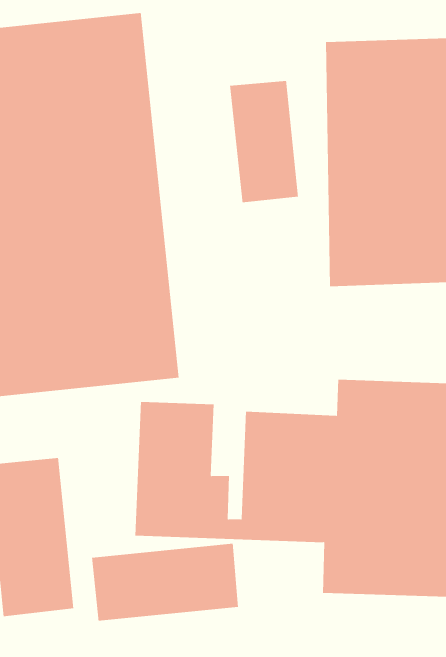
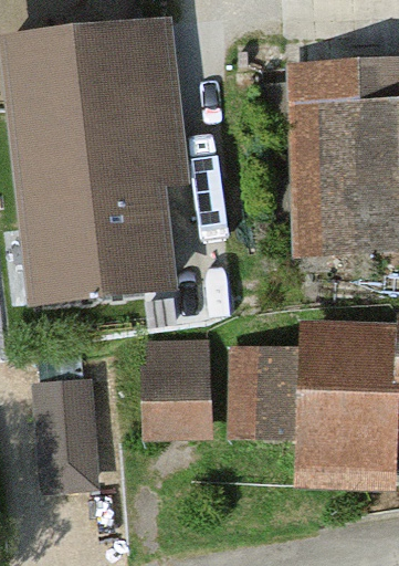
building: [230,80,299,203] -> none
building: [91,543,238,622] -> none

